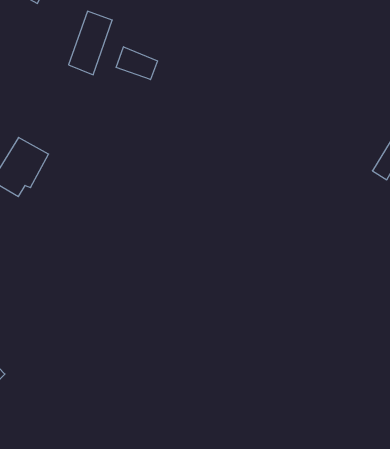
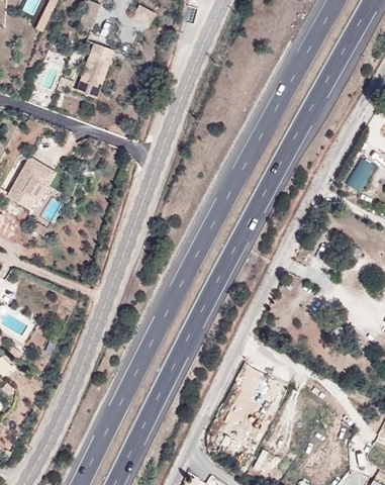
building: [116,47,157,80] -> none

